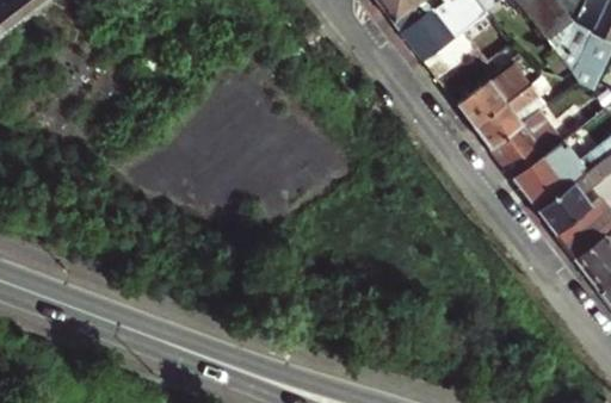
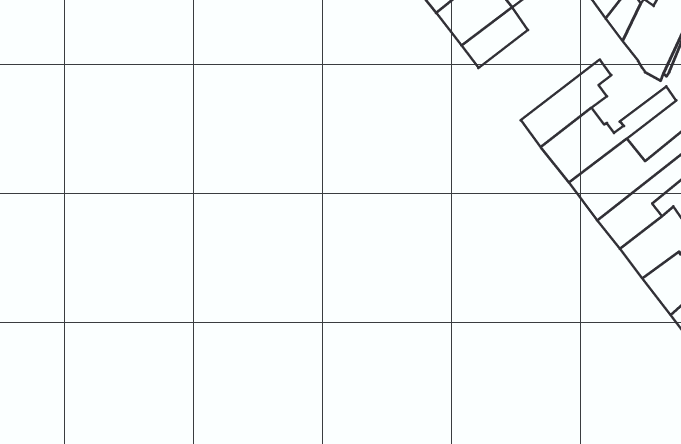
building: [456,54,539,123] -> none

